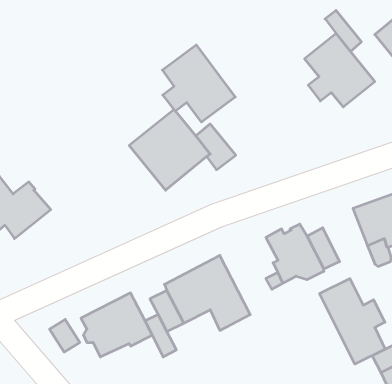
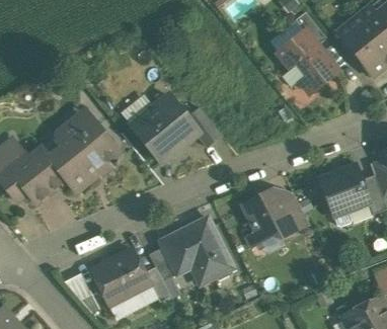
building: [162,45,235,122] -> none
building: none -> [52,120,118,192]
building: [320,279,385,364] -> none

